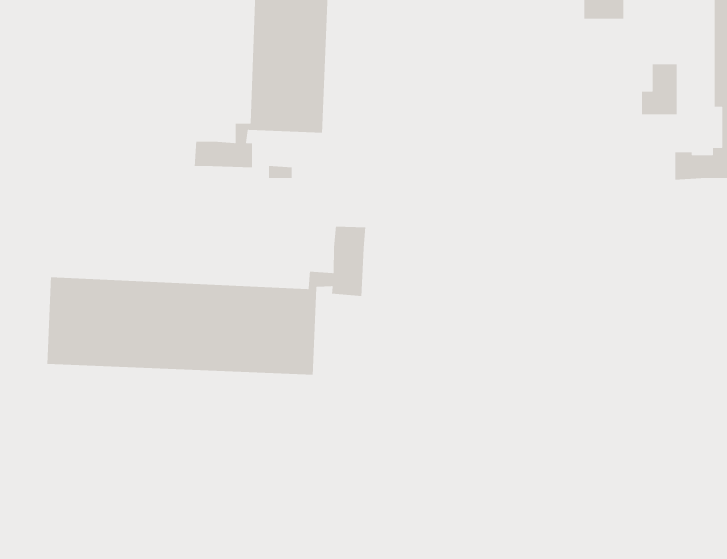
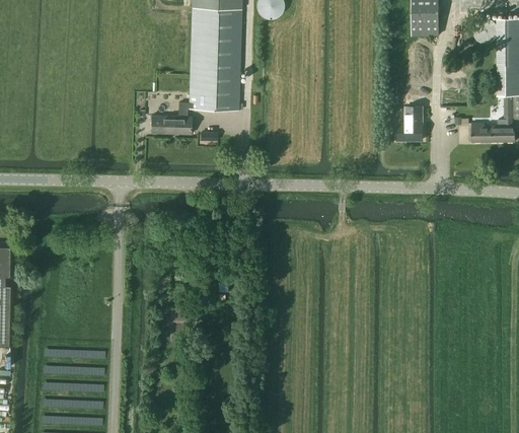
building: [641,63,678,115] -> [397,105,422,140]
building: [47,226,366,376] -> none

